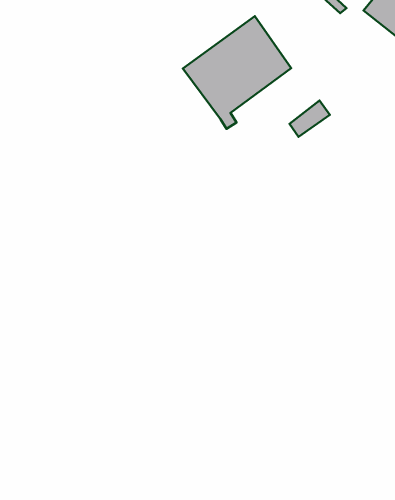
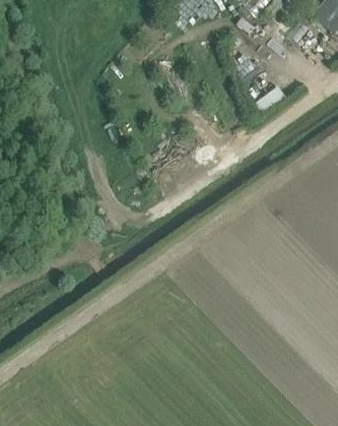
building: [183,16,291,129] -> none

